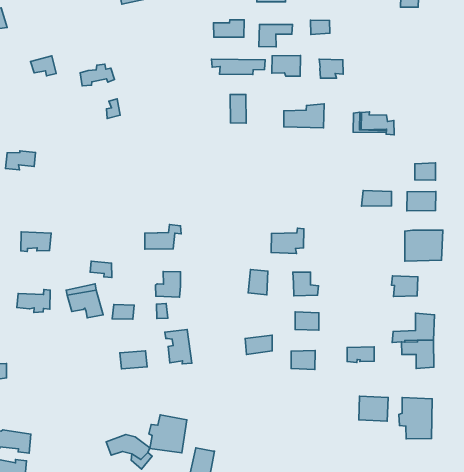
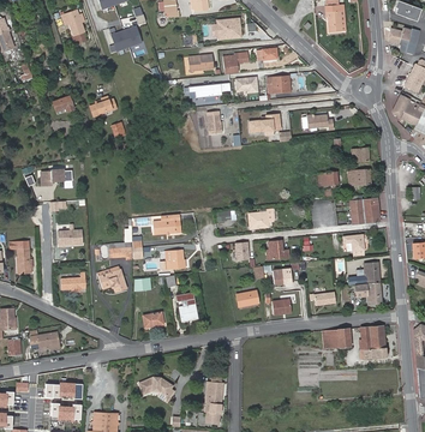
building: [149,415,187,453] -> none

